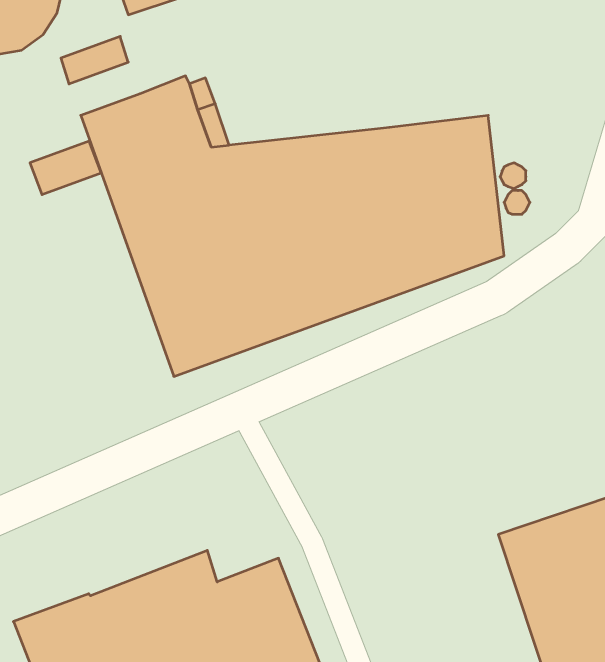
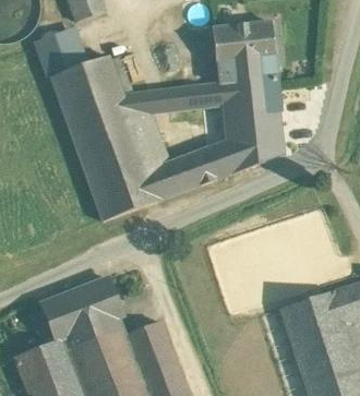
building: none -> [213,21,278,83]
building: [30,141,101,195] -> [45,47,84,76]
building: none -> [41,277,123,341]

